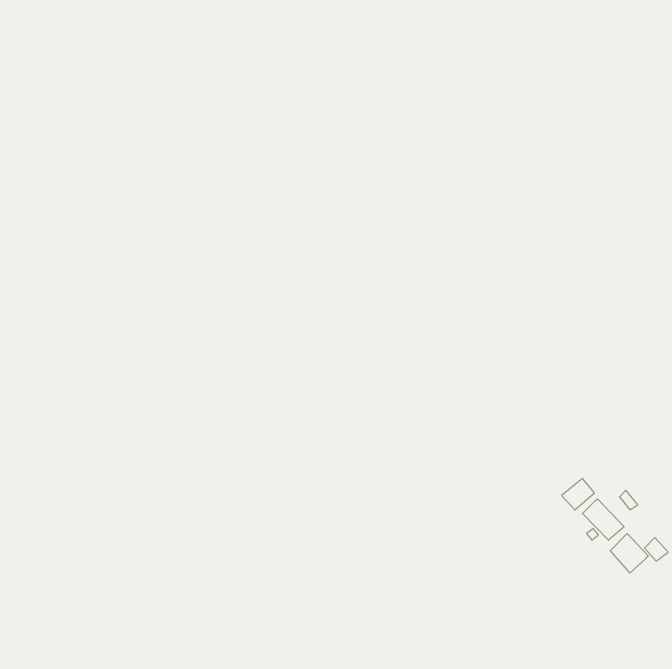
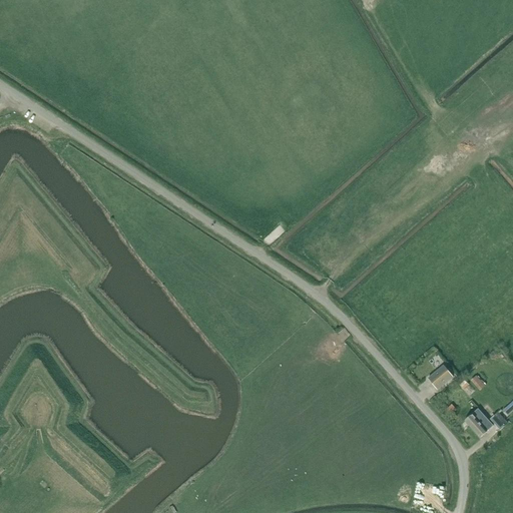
building: [582,499,624,540] -> none

